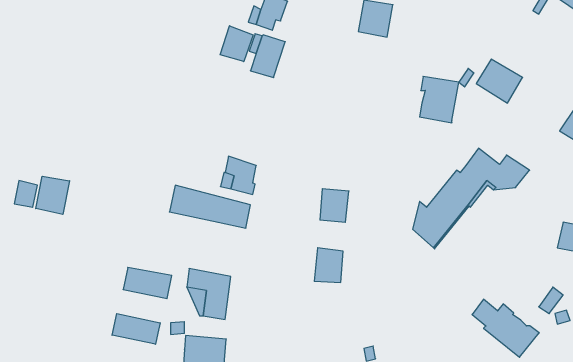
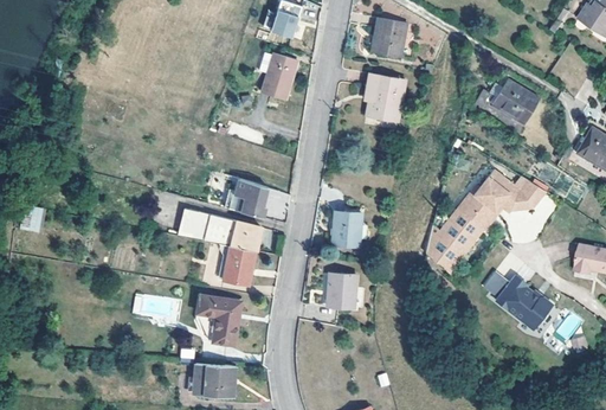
building: [220,26,253,62] -> none
building: [420,76,459,123] -> [366,73,406,121]
building: [36,176,70,214] -> none
building: none -> [223,245,257,284]
building: [472,299,539,357] -> [484,269,553,328]
building: [112,314,160,344] -> none

